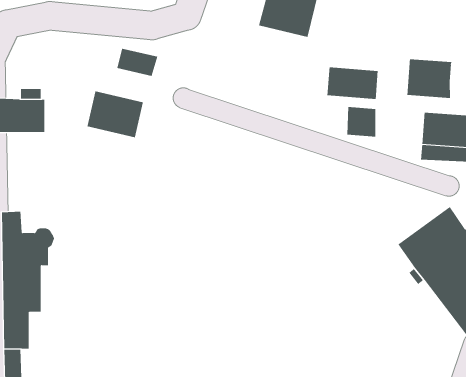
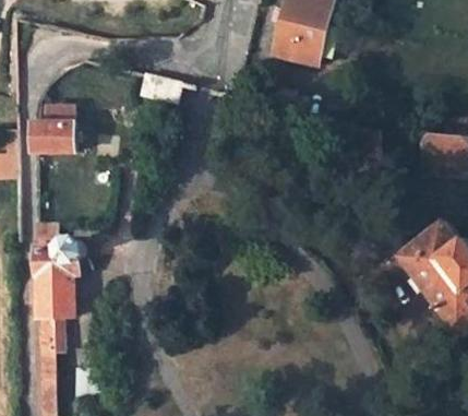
building: [407,58,452,99] -> none
building: [327,67,378,100] -> none
building: [87,91,143,138] -> none

